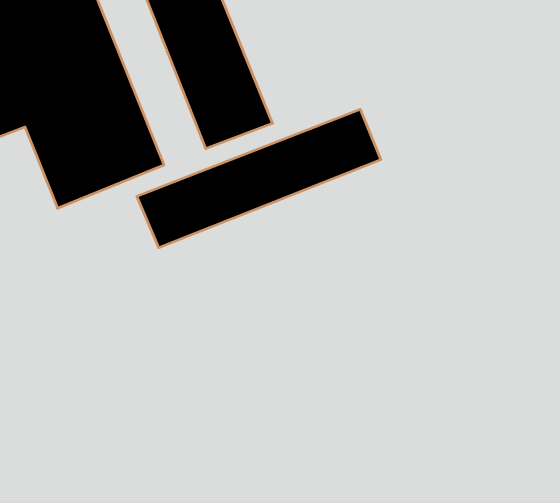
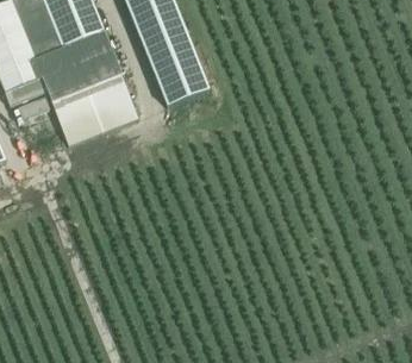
building: [137,109,381,248] -> none

